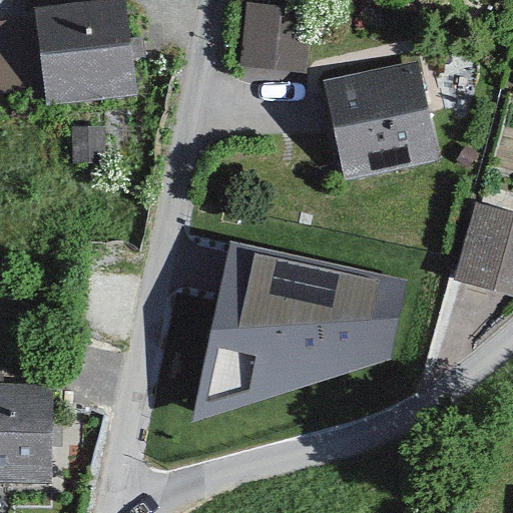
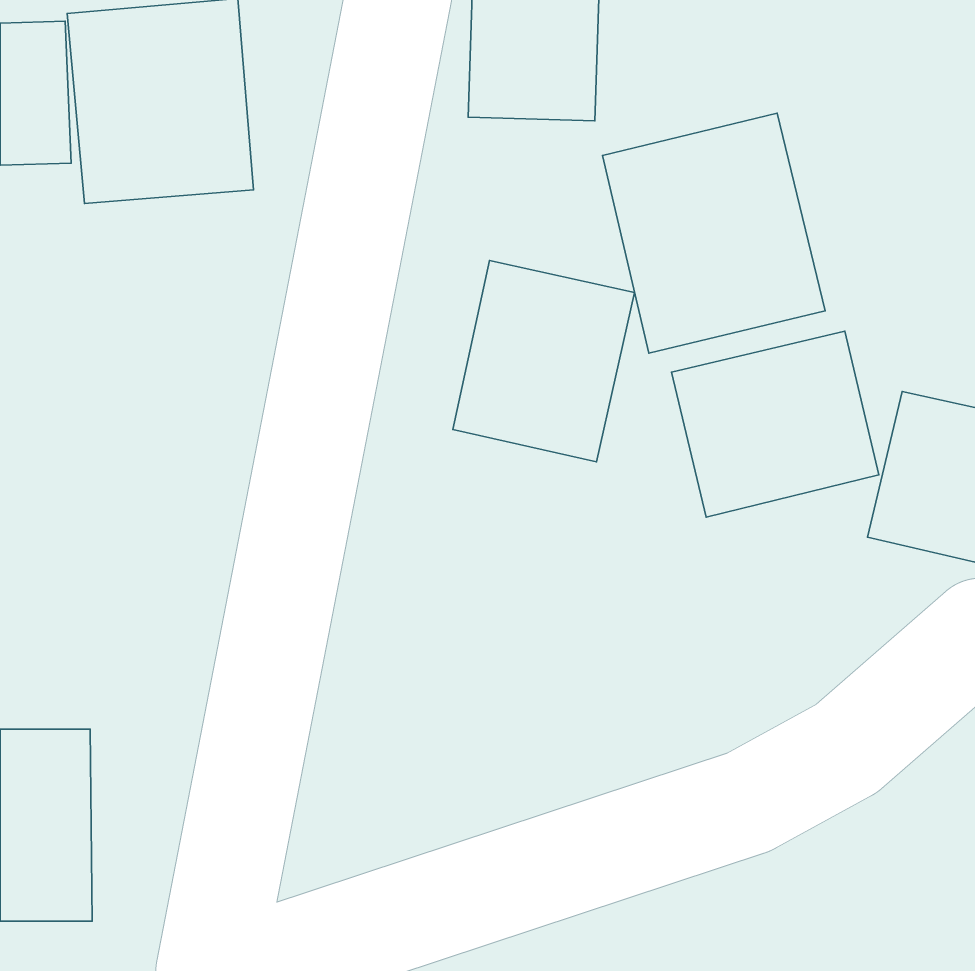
building: none -> [453,260,635,462]
building: none -> [672,331,879,517]
building: [206,248,399,402] -> none

